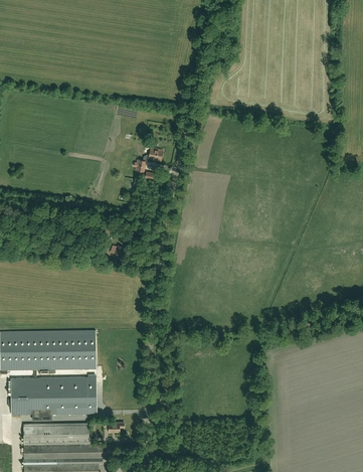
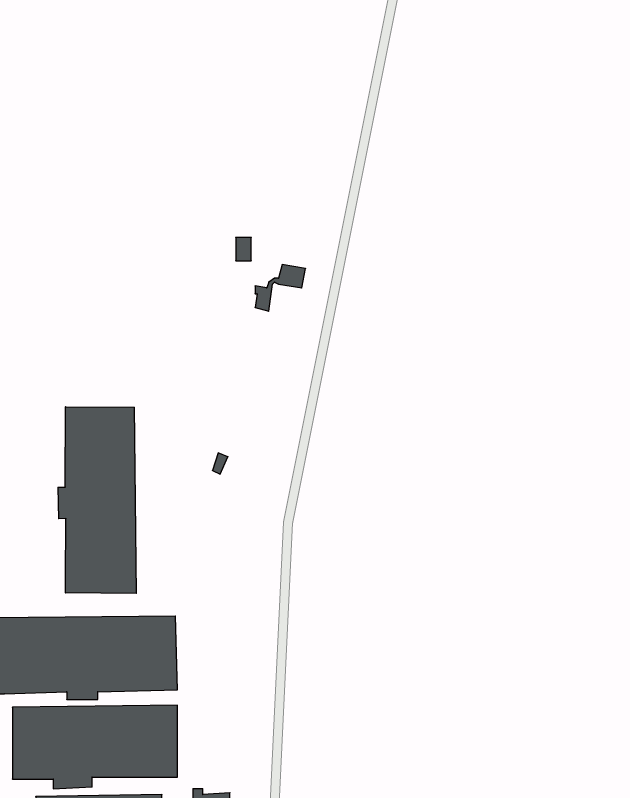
building: none -> [58,407,136,593]

